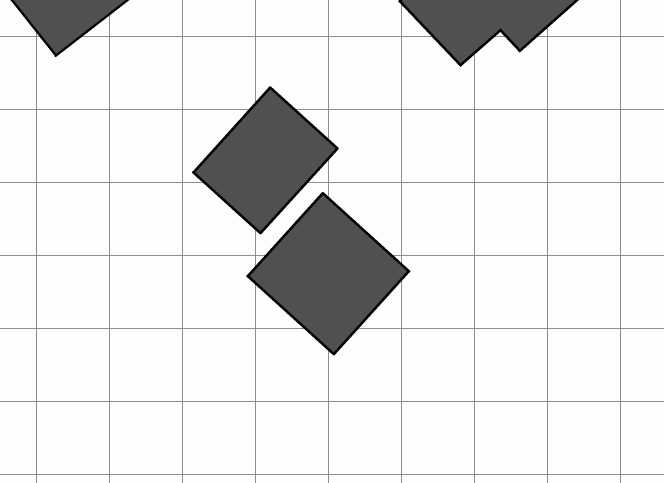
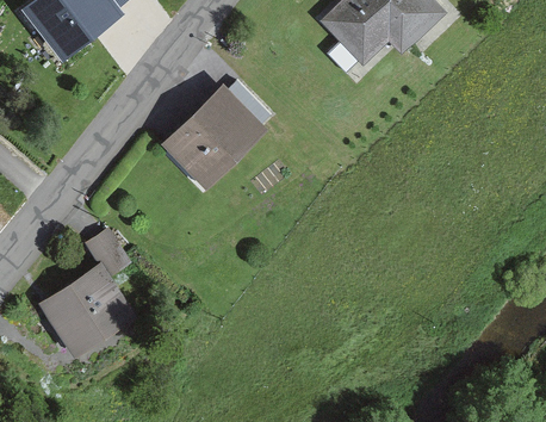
building: [248,193,409,354] -> none
building: none -> [39,224,143,362]

